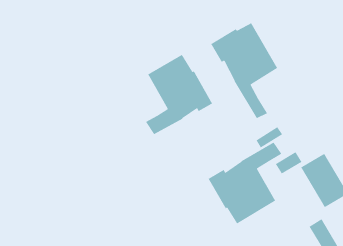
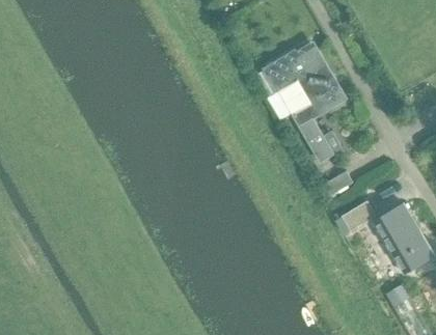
building: [145,54,213,135] -> none
building: [208,142,282,224] -> none

